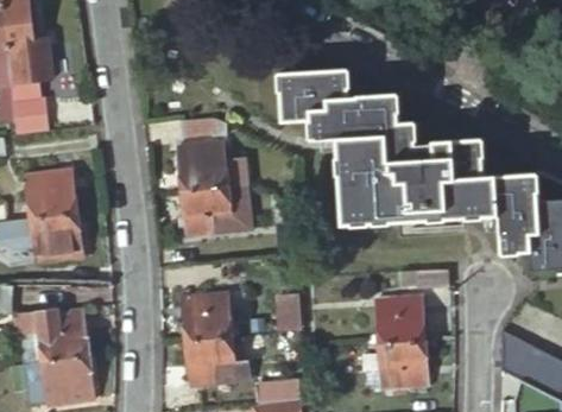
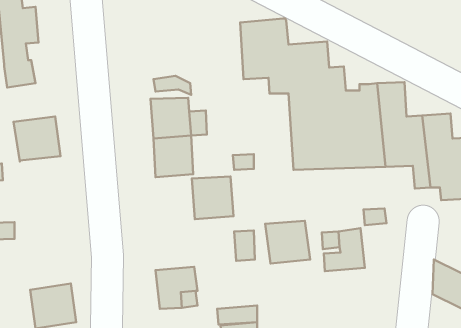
building: [32,214,86,264] -> none
building: [183,294,231,343] -> [192,176,234,219]
building: [37,308,90,366] -> none
building: [379,341,430,389] -> [265,221,310,264]

